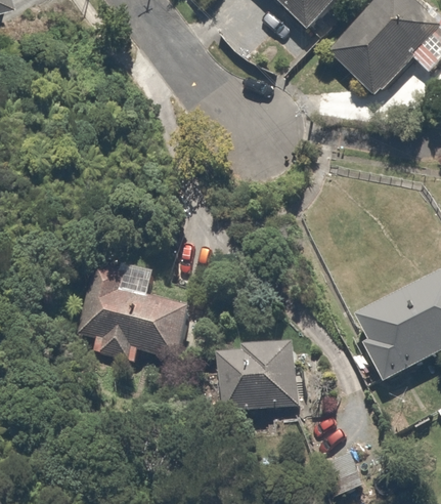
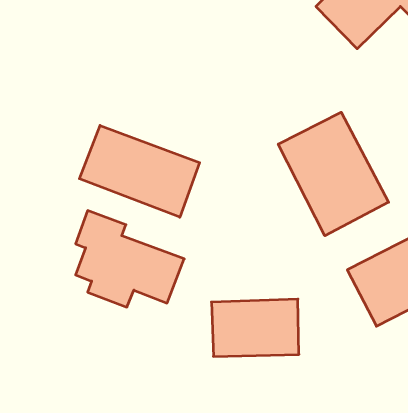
building: none -> [278,112,389,236]
building: none -> [79,125,200,217]

